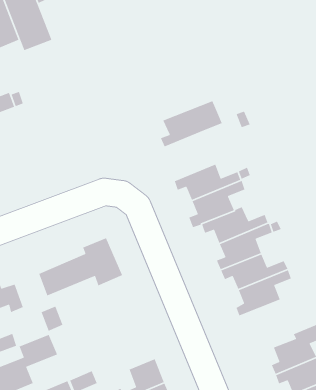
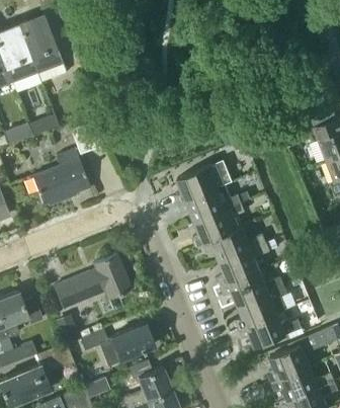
building: none -> [32,121,101,205]
building: [160,100,223,148] -> [175,159,233,202]
building: none -> [239,312,302,346]
building: none -> [79,323,156,365]

